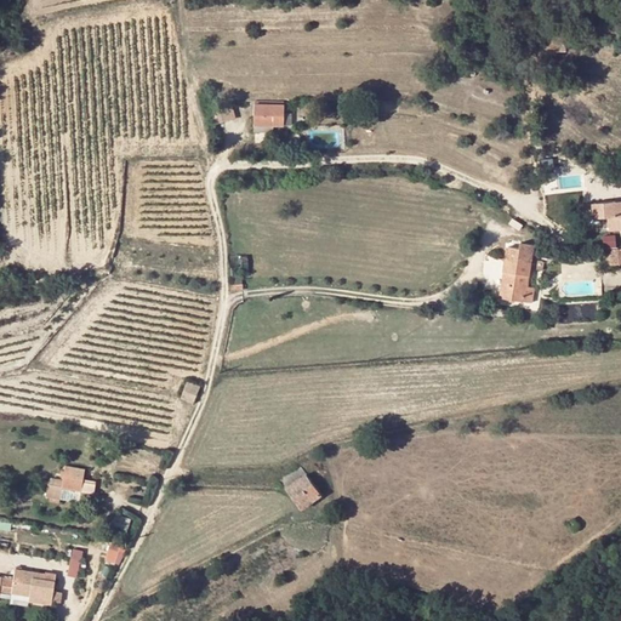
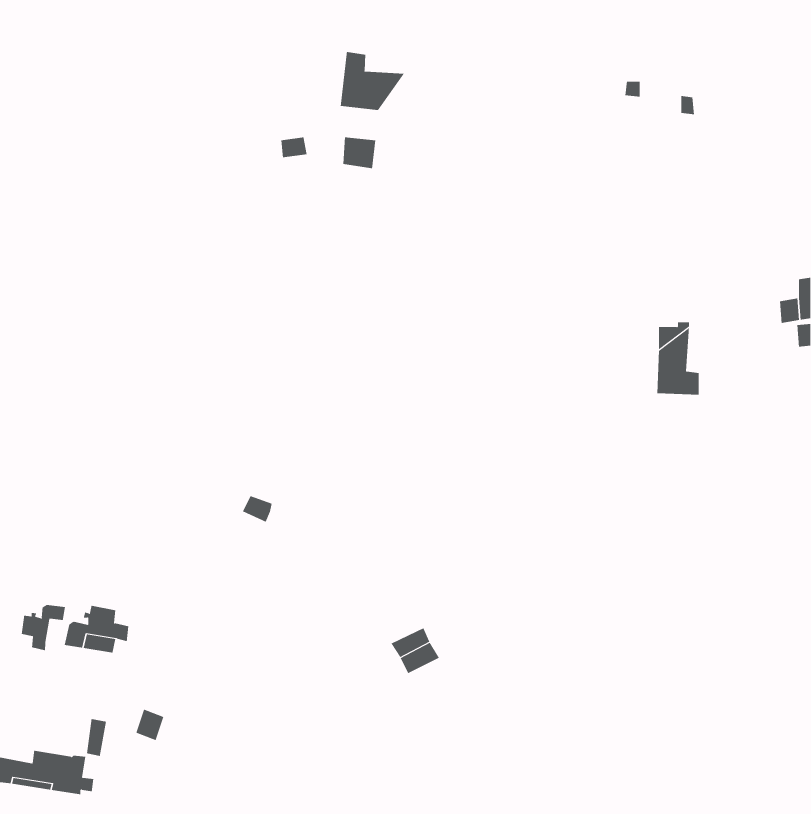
building: none -> [340,51,405,111]
building: none -> [21,604,66,651]

